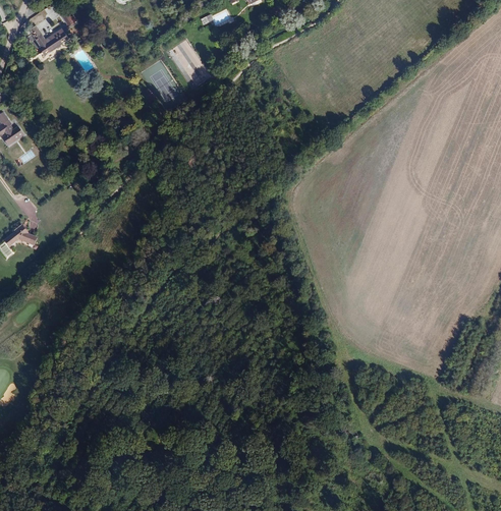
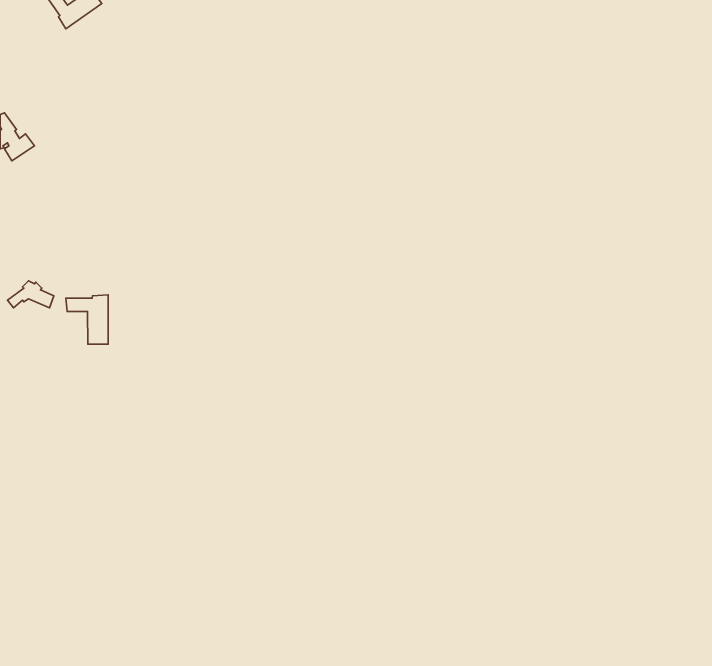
building: none -> [66,295,108,344]

